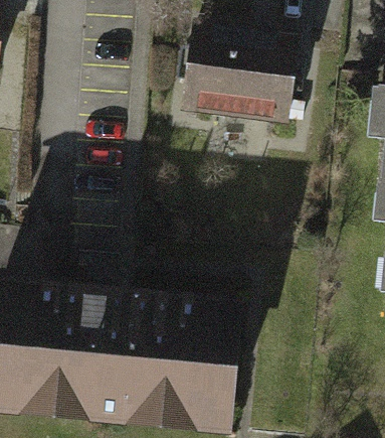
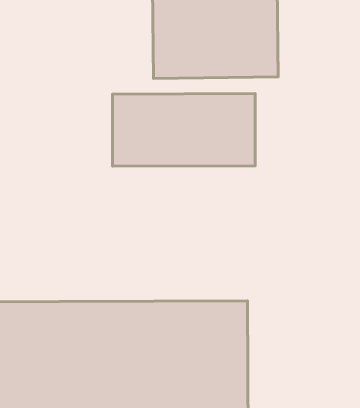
building: none -> [112,94,255,166]

